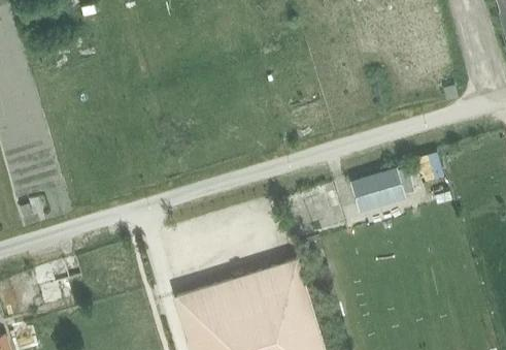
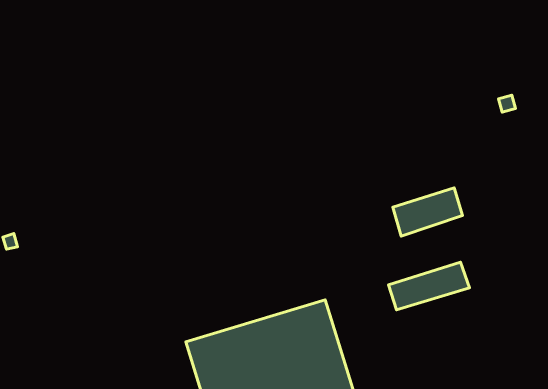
building: none -> [388,262,469,310]

